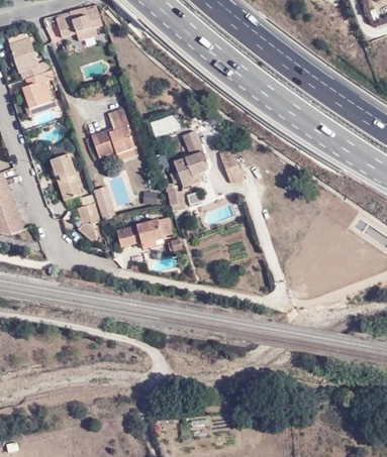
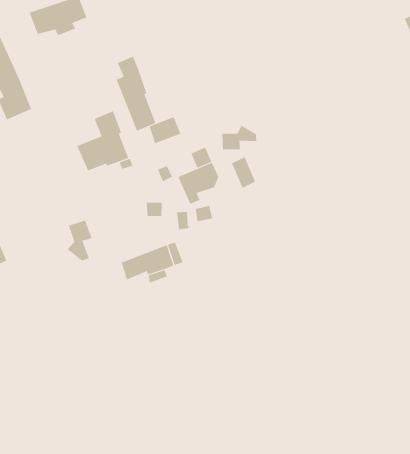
building: none -> [222,125,257,150]
building: [51,135,83,200] -> [116,56,156,131]
building: [92,184,115,219] -> none

